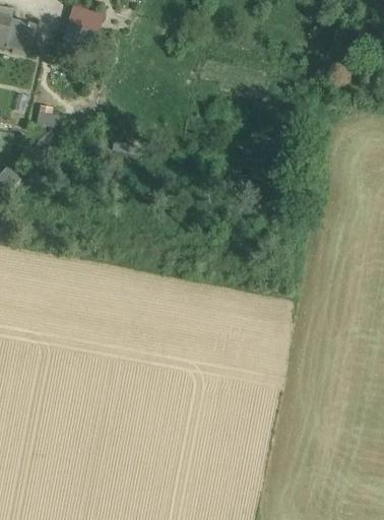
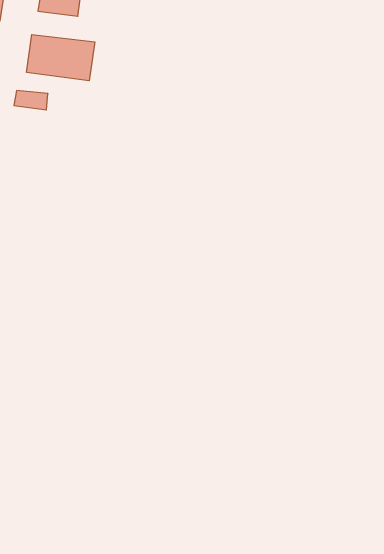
building: none -> [27,35,95,81]

